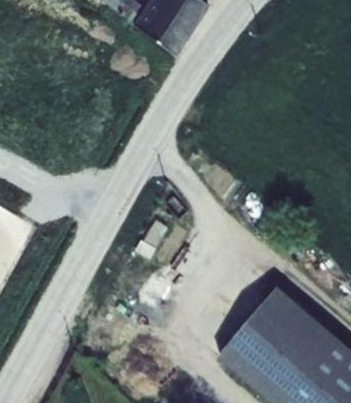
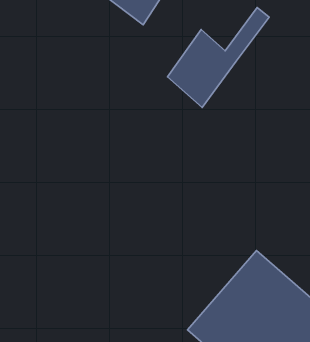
building: none -> [167,7,269,108]

